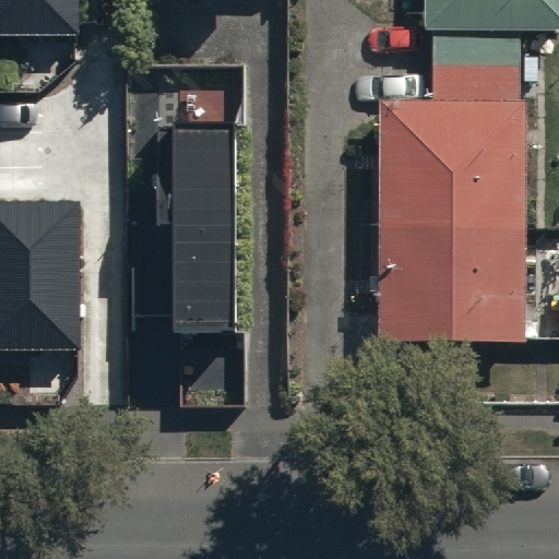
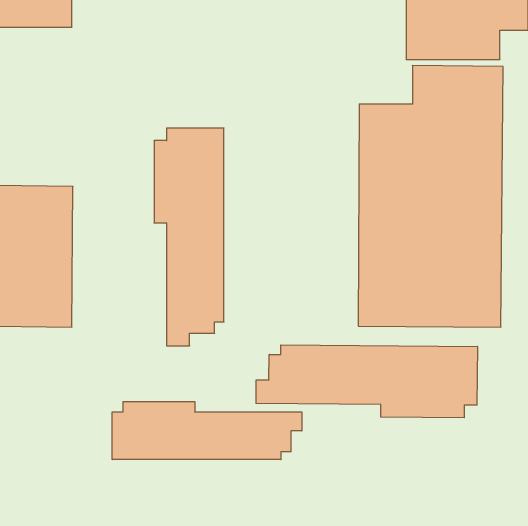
building: none -> [256,345,477,418]
building: none -> [112,402,302,460]

